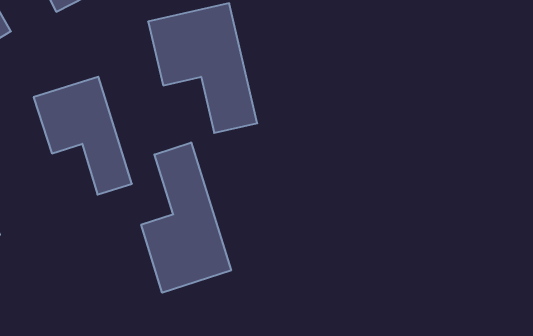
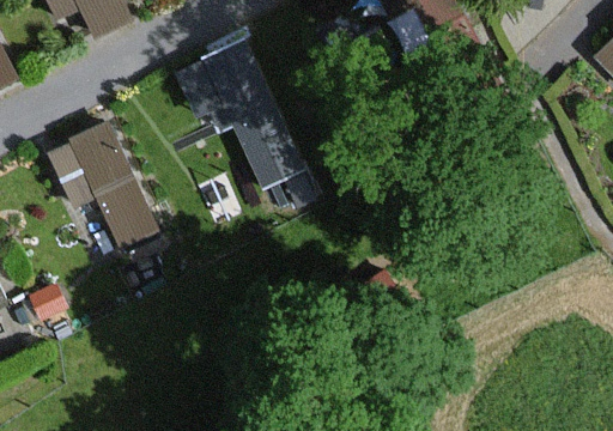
building: [141,142,231,293] -> none

